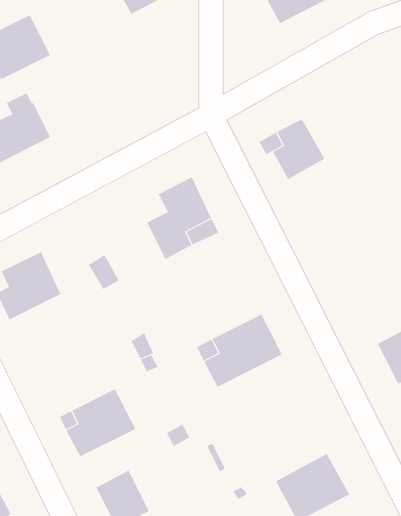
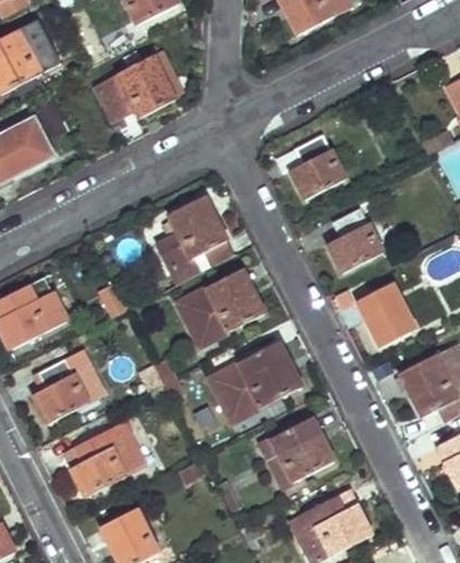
building: none -> [97,57,177,122]
building: none -> [328,208,383,272]
building: none -> [177,269,264,346]
building: none -> [358,284,415,346]
building: none -> [34,350,103,422]
building: none -> [262,416,335,486]

